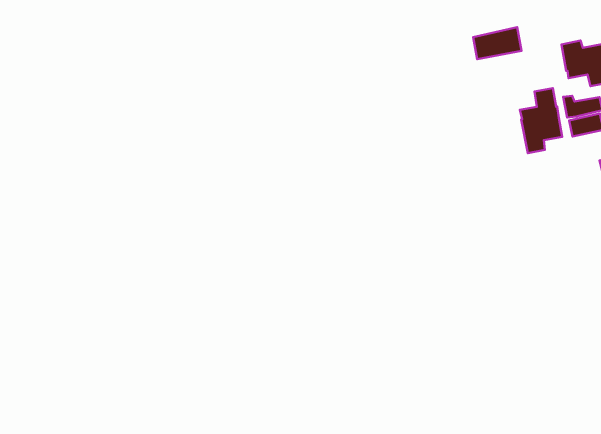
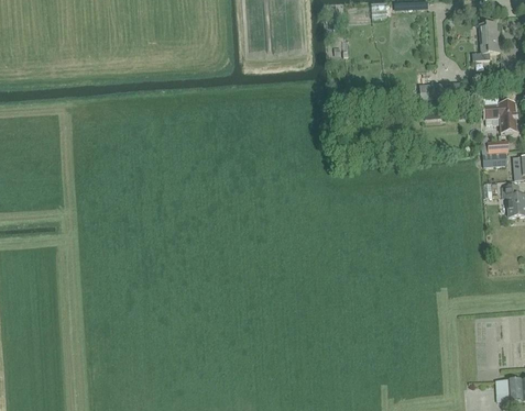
building: [520,88,562,153] -> none

